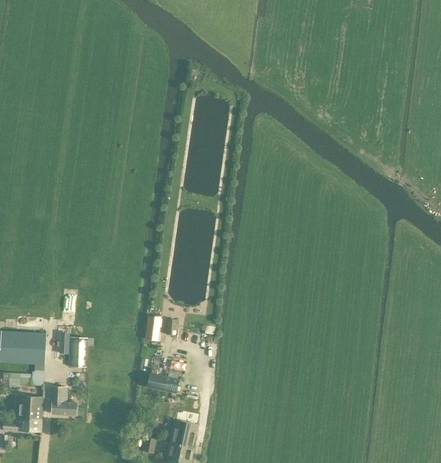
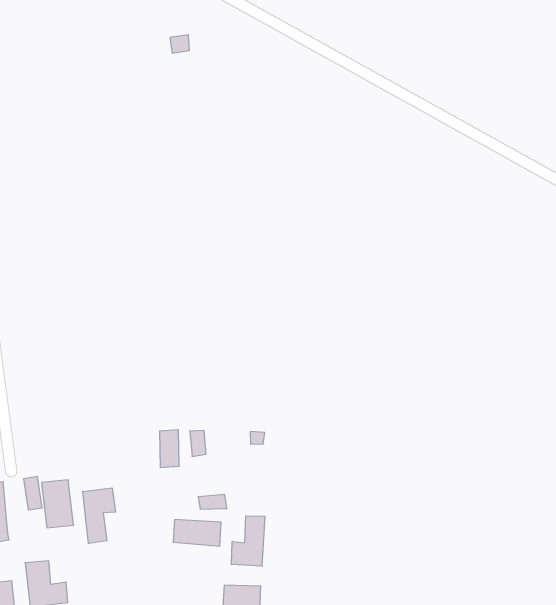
building: none -> [83,488,116,544]
building: none -> [232,516,265,566]

